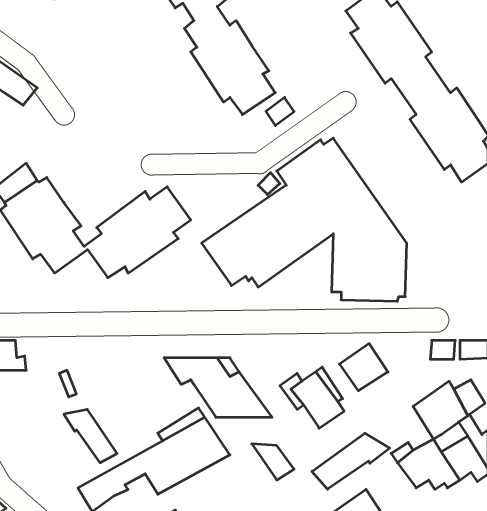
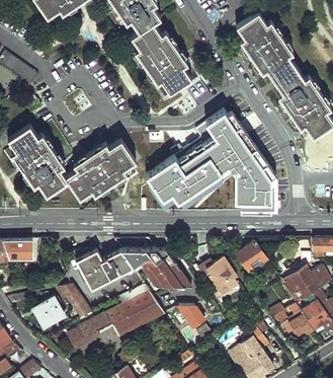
building: none -> [71,249,133,290]
building: none -> [34,297,63,327]
building: [312,433,390,489] -> none

